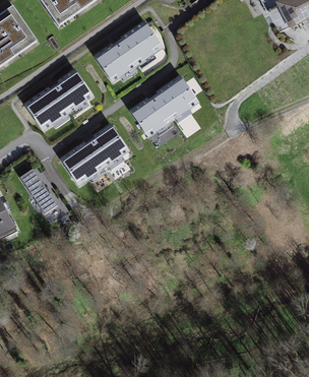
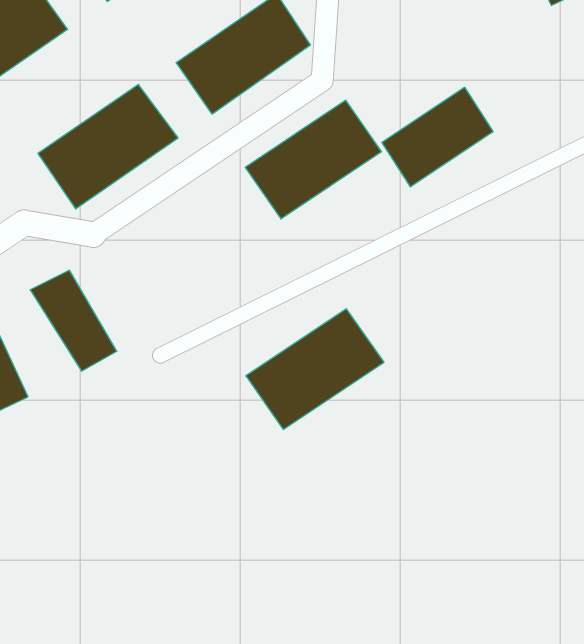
building: none -> [382,87,493,187]
building: [59,123,130,185] -> [246,309,384,429]

